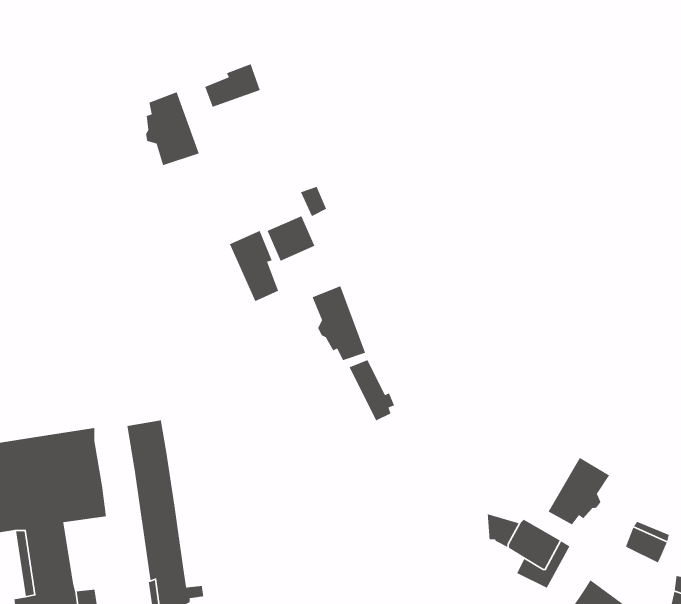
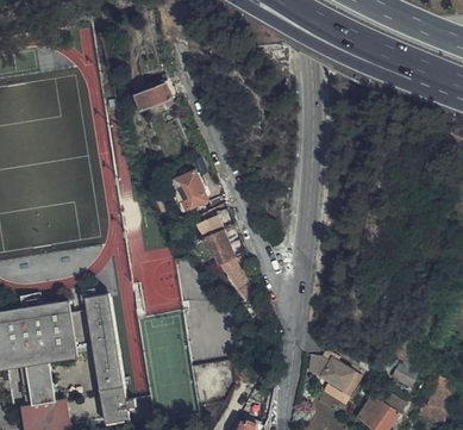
building: [145,91,200,166] -> none
building: [229,230,279,302] -> none
building: [547,457,610,525] -> none

